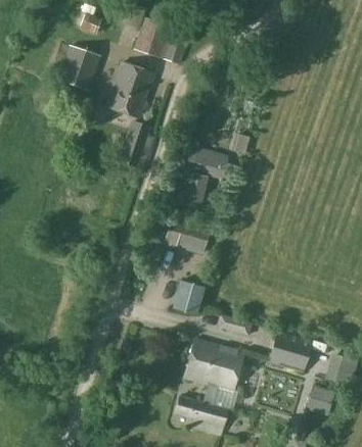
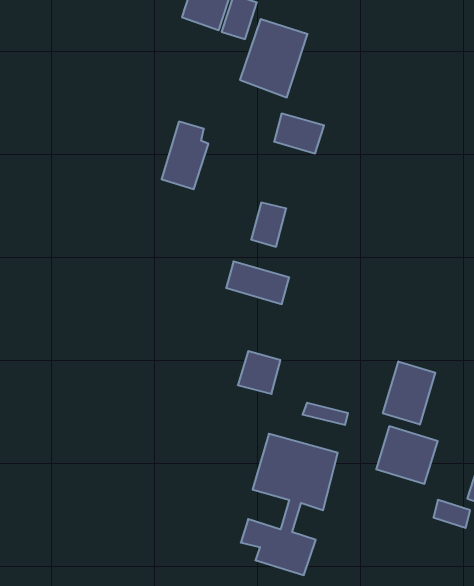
building: [59,45,101,90] -> none
building: [107,63,154,117] -> [240,19,308,97]
building: [188,149,223,177] -> [274,114,324,153]
building: none -> [383,361,435,425]

